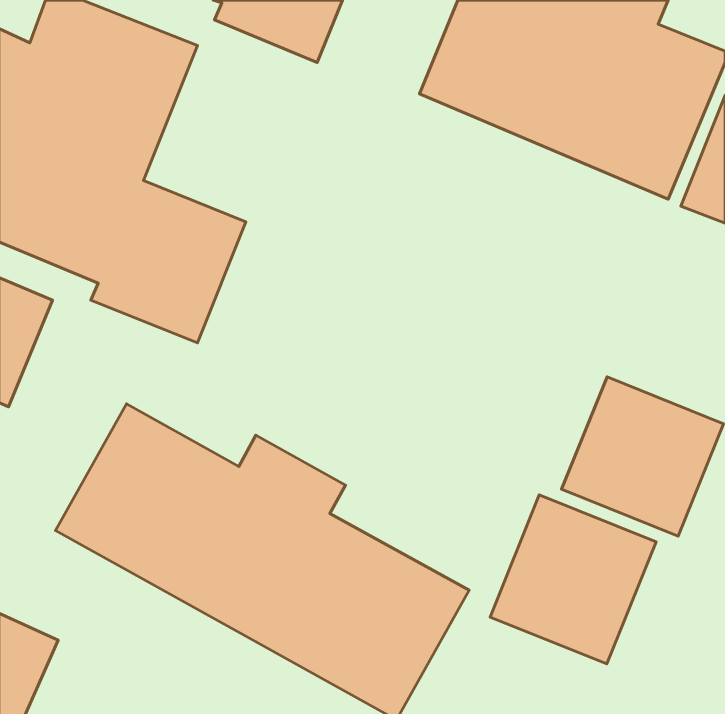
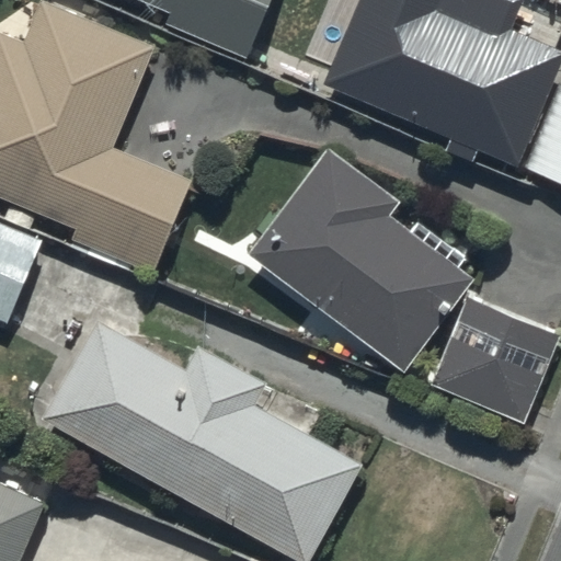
building: none -> [249,149,471,369]
building: [490,495,656,664] -> none

